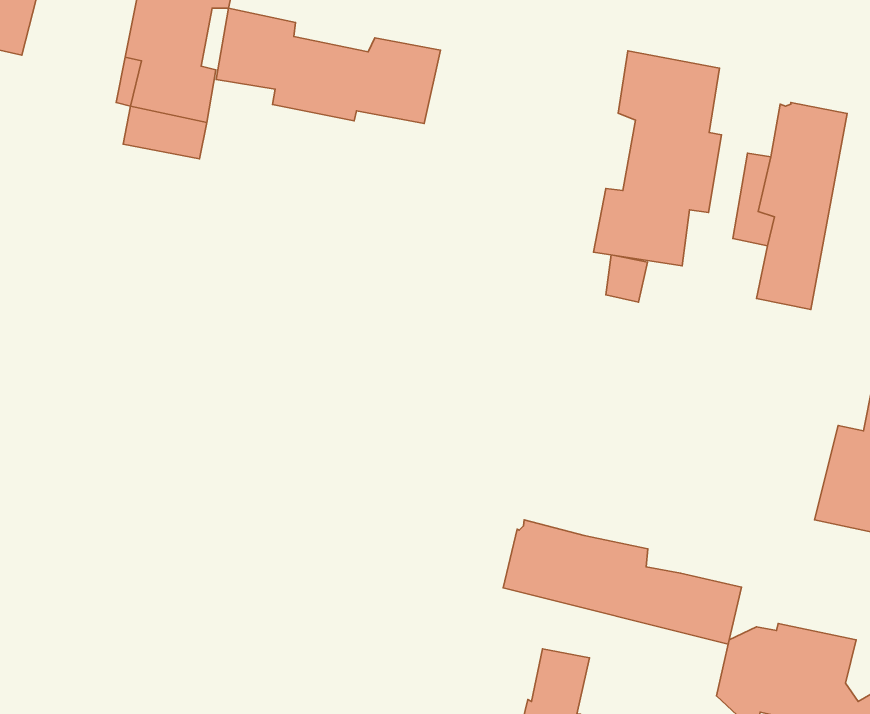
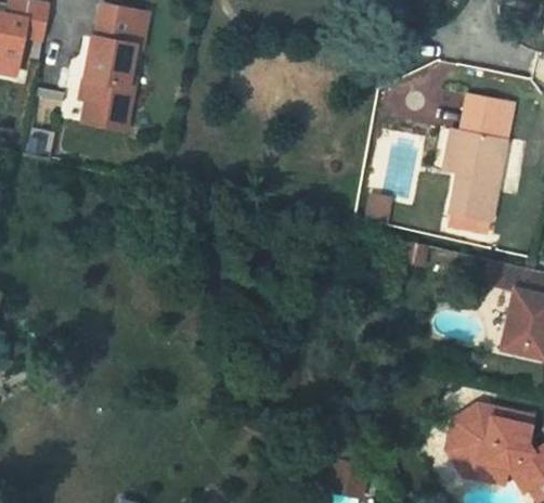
building: [216,8,440,124] -> none
building: [593,51,722,266] -> none
building: [503,520,741,644] -> none

